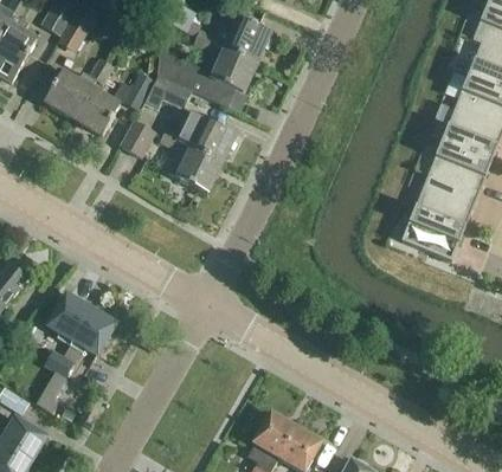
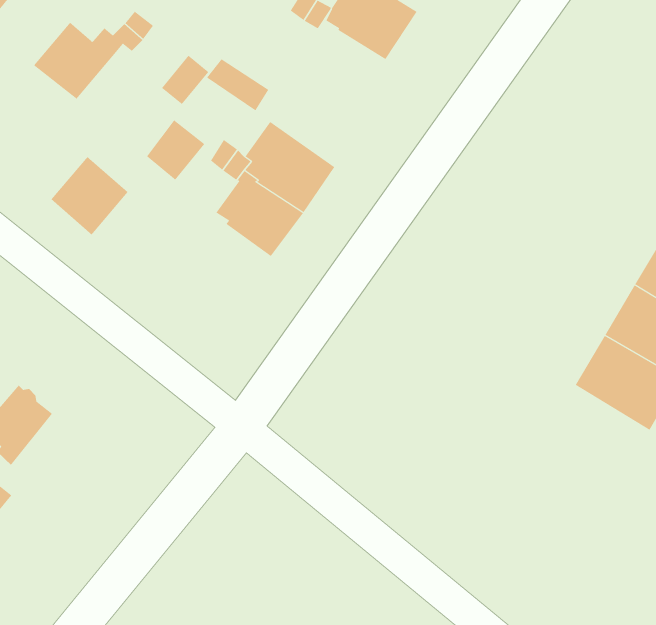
building: [156,50,256,103] -> none
building: [73,88,120,135] -> [51,156,128,235]
building: [70,309,115,354] -> none

